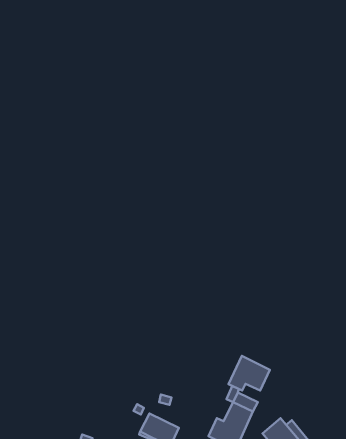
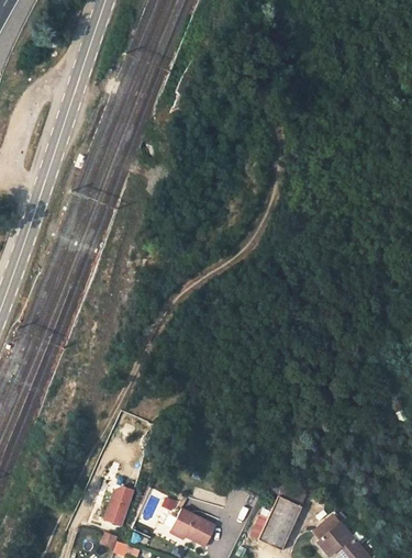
building: [229,356,270,390] -> none
building: none -> [102,486,133,526]

